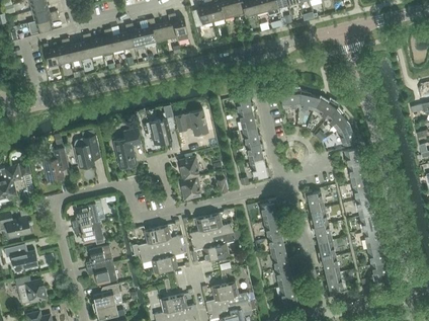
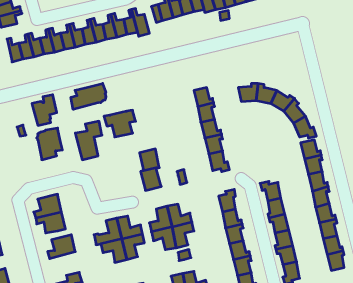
building: none -> [71,83,106,109]
building: [175,110,208,135] -> none
building: [42,149,68,180] -> [32,95,57,125]
building: [87,262,117,285] -> none

